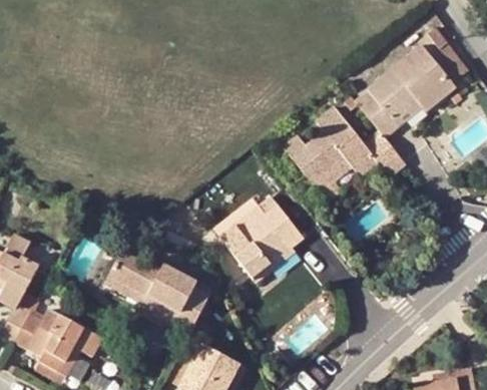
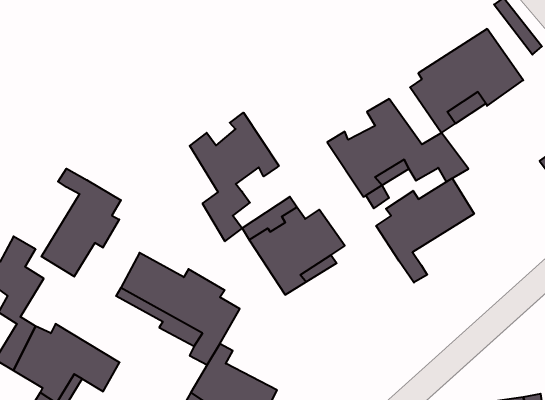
building: none -> [190,113,279,241]
building: none -> [41,169,121,277]
building: none -> [376,178,474,283]

